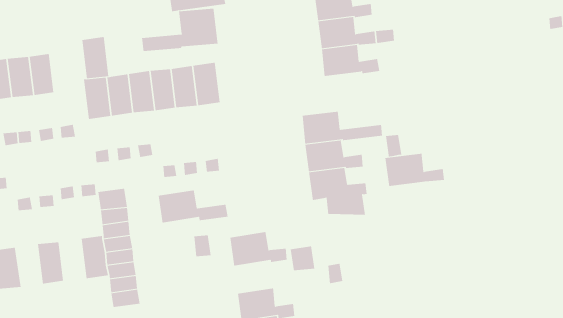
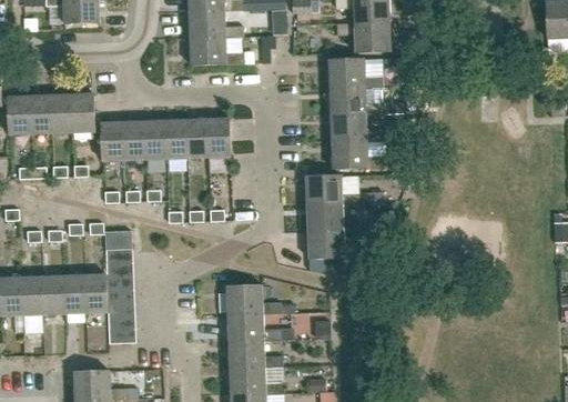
building: [141,8,218,52] -> none
building: [81,36,109,79] -> [71,93,94,132]
building: [385,153,445,187] -> [331,140,386,169]
building: [158,190,229,223] -> [227,312,293,342]
building: none -> [63,274,85,313]
building: none -> [21,275,43,315]

